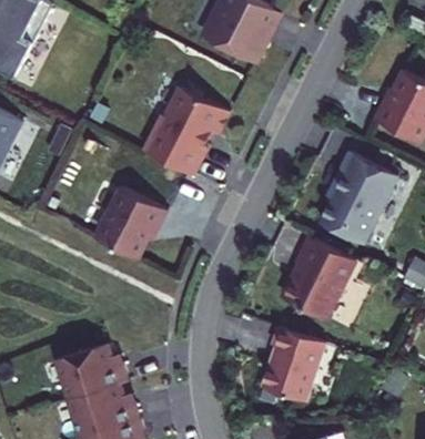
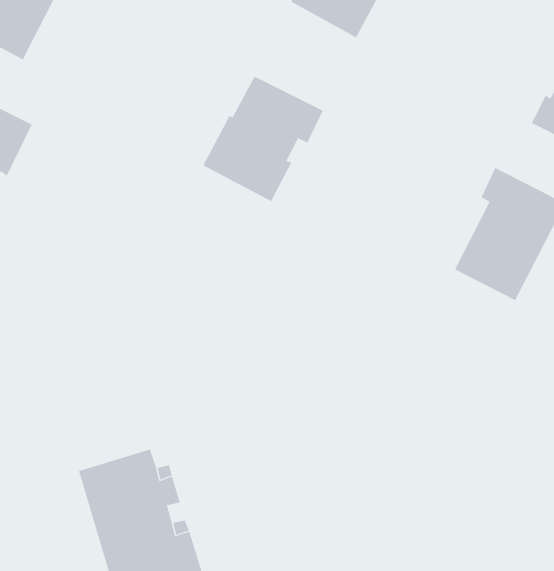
building: [93,185,165,258] -> none
building: [282,235,356,319] -> none
building: [263,326,325,400] -> none

